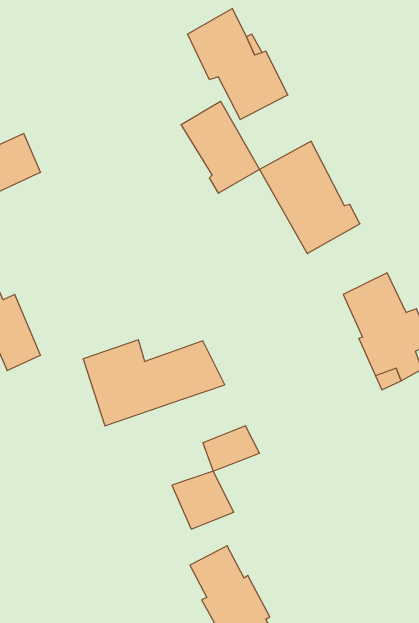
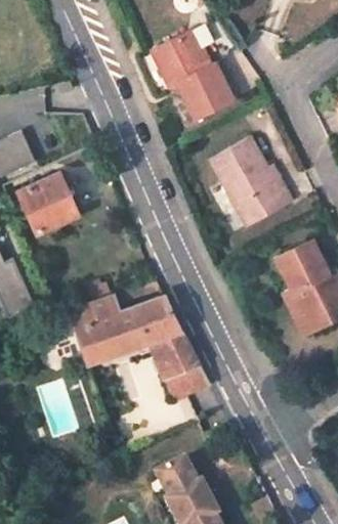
building: [181,101,260,193] -> none
building: none -> [18,175,77,232]
building: [172,471,234,529] -> [149,331,198,377]

